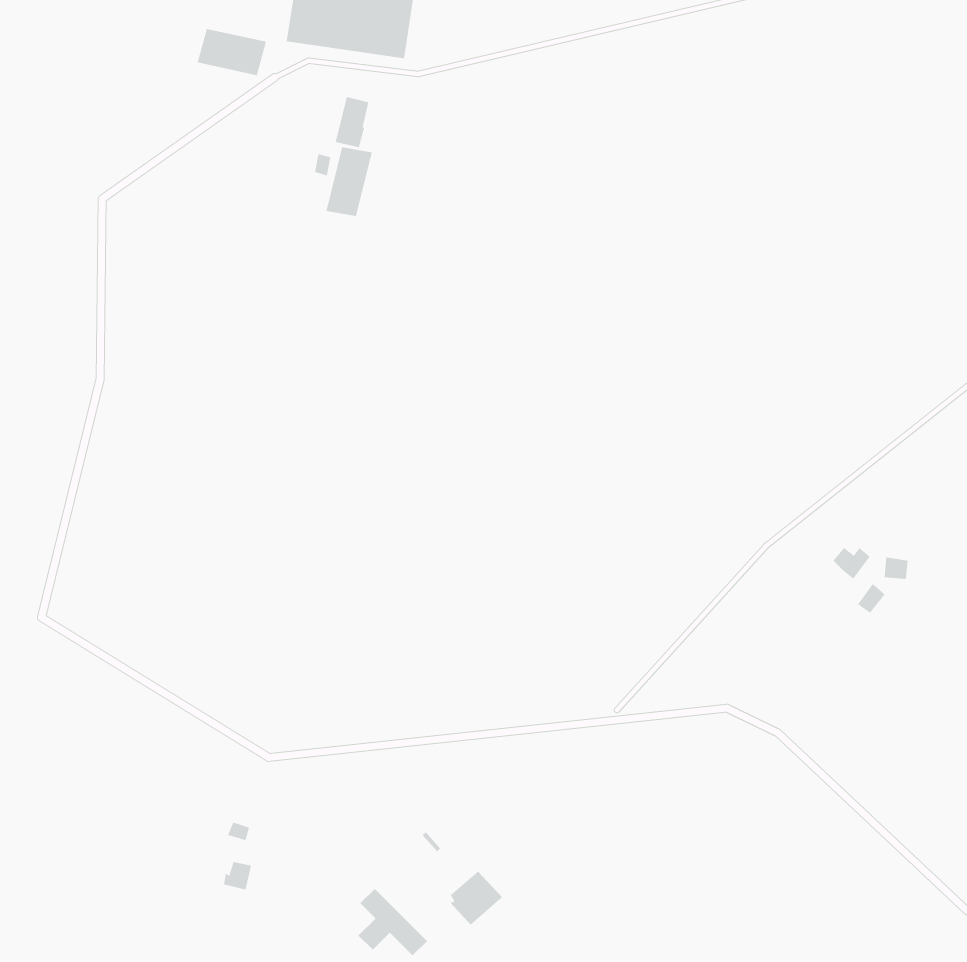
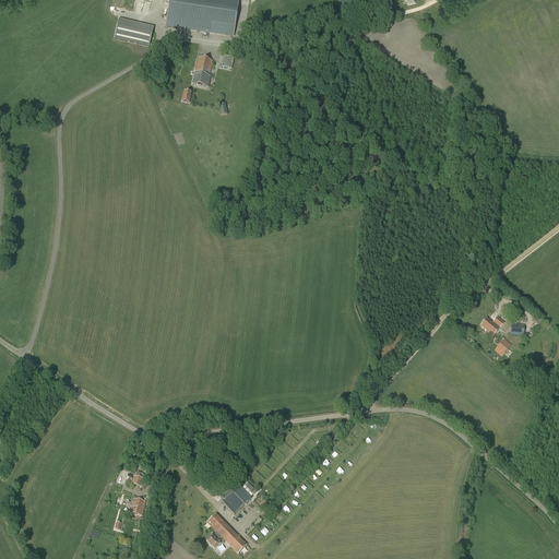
building: [326,146,372,217] -> none
building: [450,871,503,926] -> [222,480,252,512]

